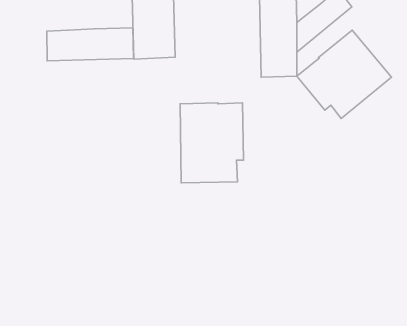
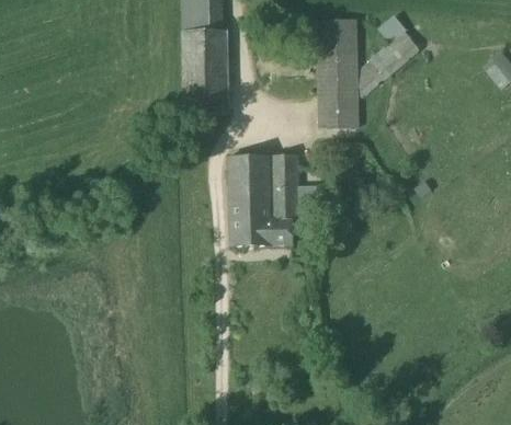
building: [47,28,134,61] -> none
building: [297,30,391,119] -> none

